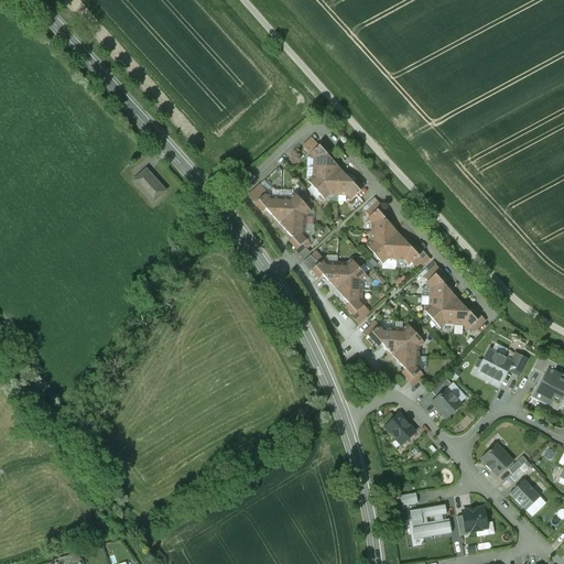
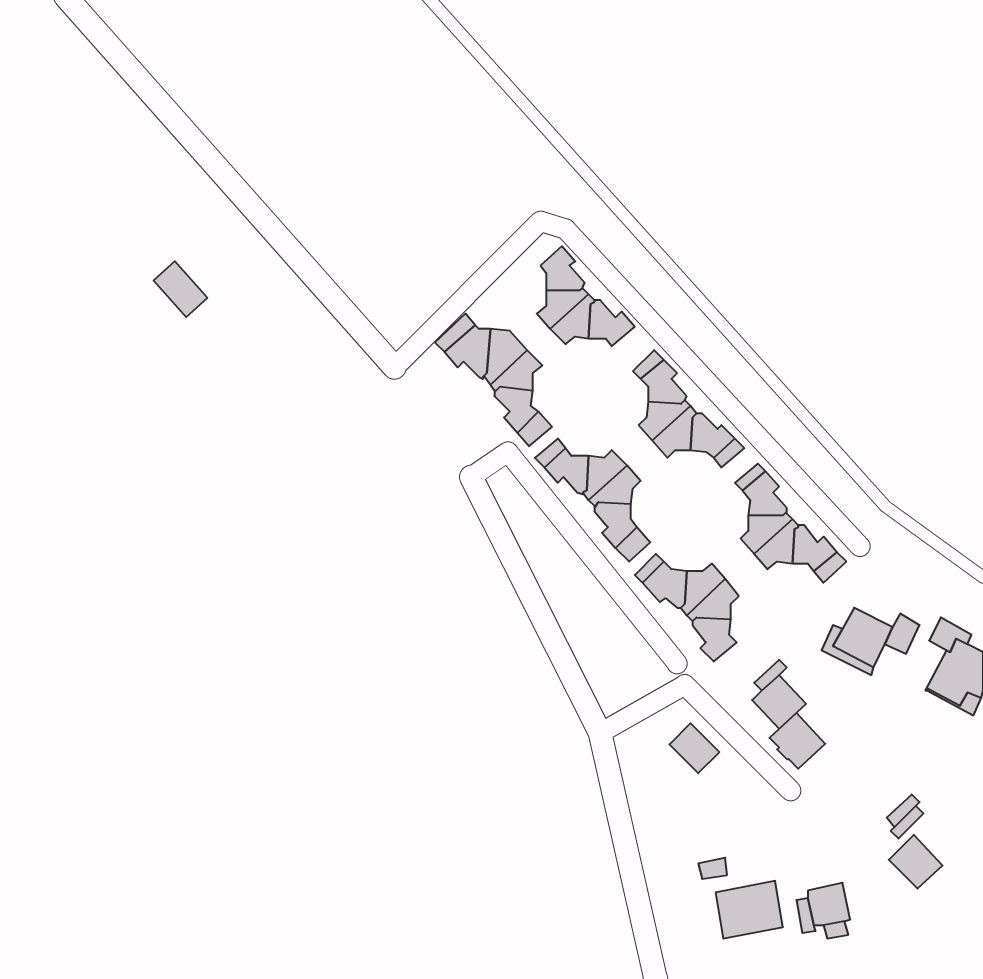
building: [133,169,164,200] -> [154,261,207,317]
building: [480,443,512,475] -> [769,713,825,769]

